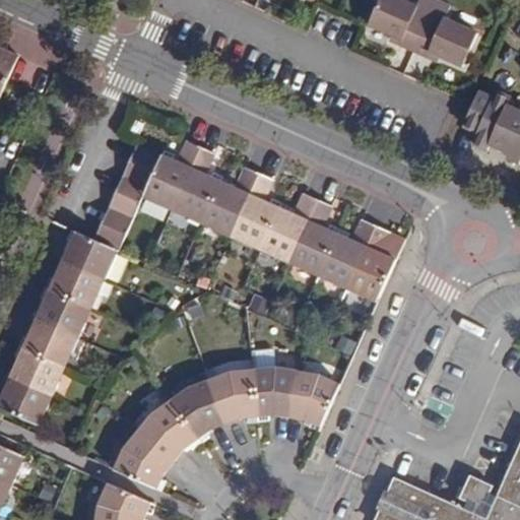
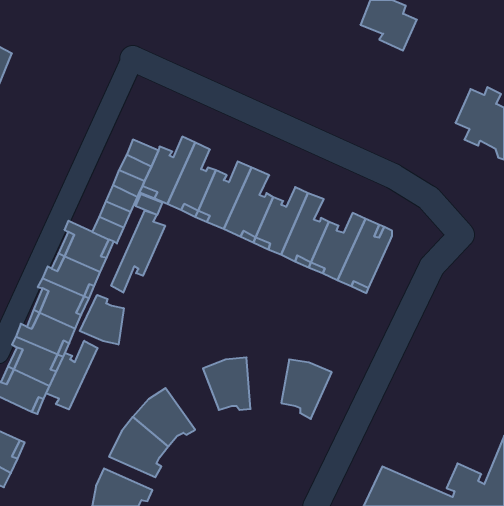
building: [413,19,478,67] -> none
building: none -> [111,210,165,293]
building: none -> [80,295,124,345]
building: [253,348,297,419] -> none
building: none -> [46,341,98,409]
building: [170,378,224,441] -> none

